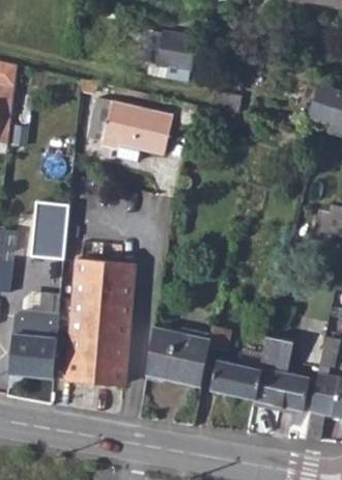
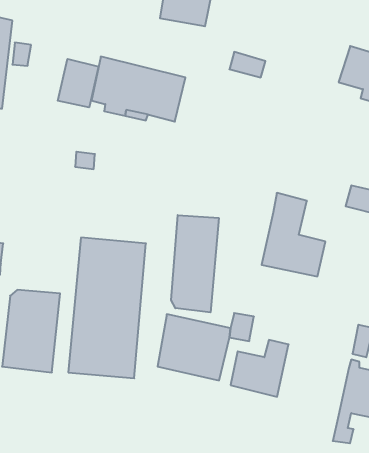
building: none -> [58,59,99,107]
building: [29,201,68,259] -> none
building: none -> [171,215,219,312]
building: [253,335,310,410] -> [262,193,325,276]

